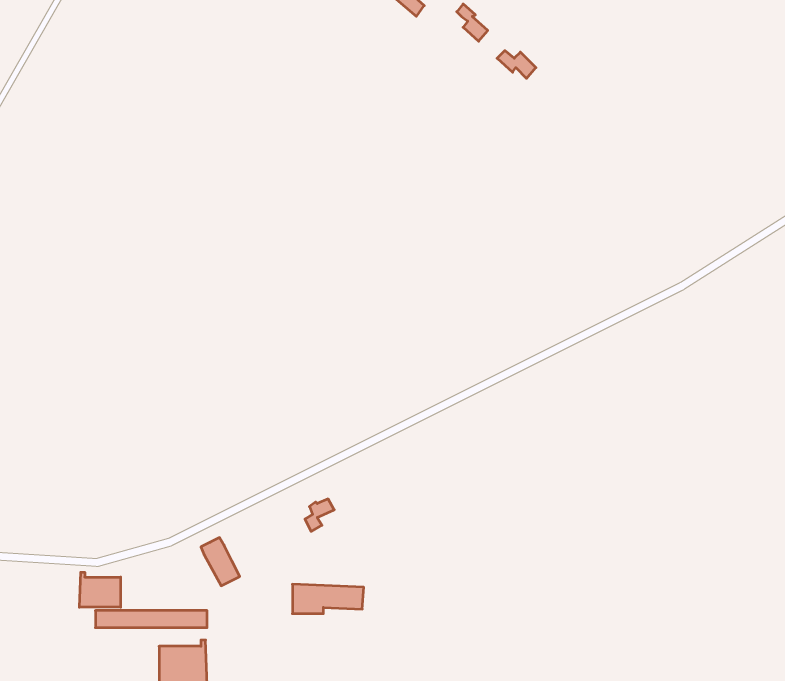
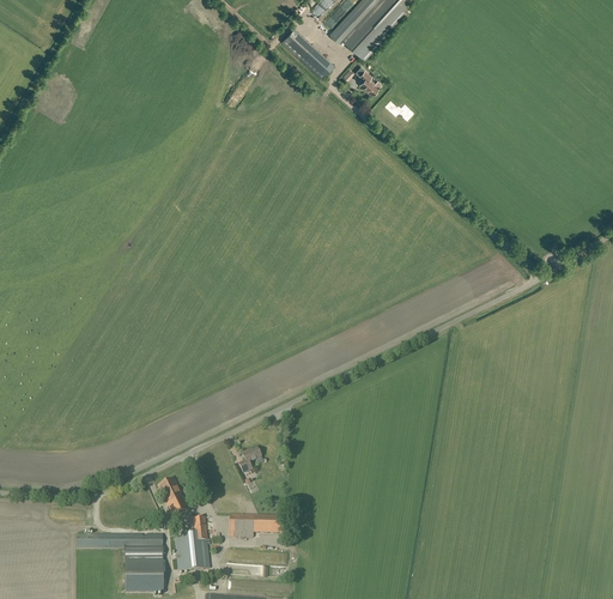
building: [79,572,121,607] -> none
building: none -> [174,516,210,570]

